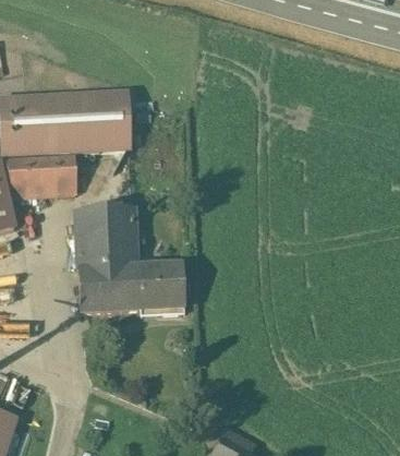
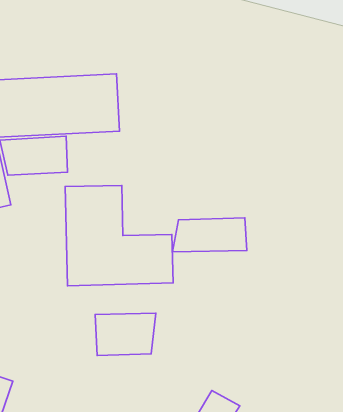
building: none -> [172,218,247,252]
building: none -> [95,313,156,355]

